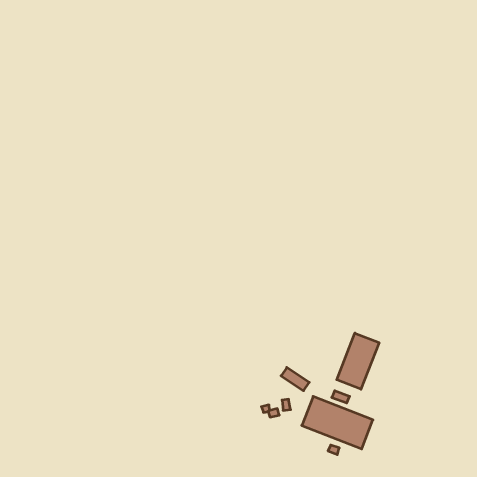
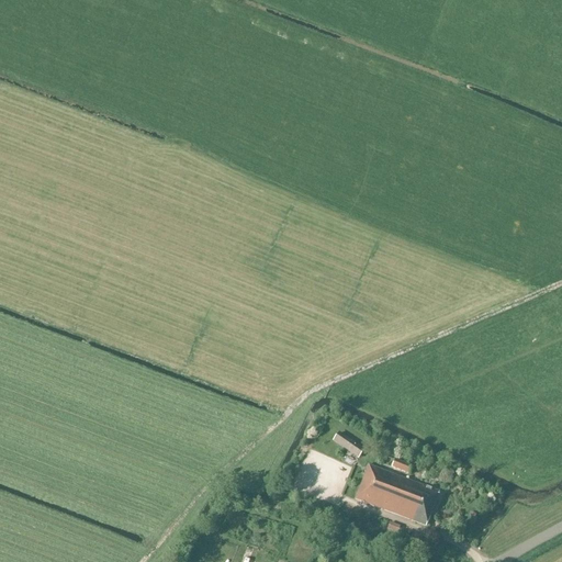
building: [337,333,379,389] -> none

